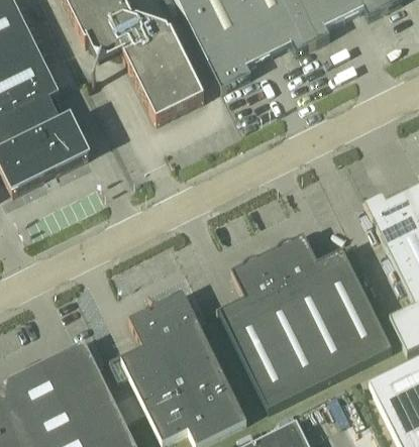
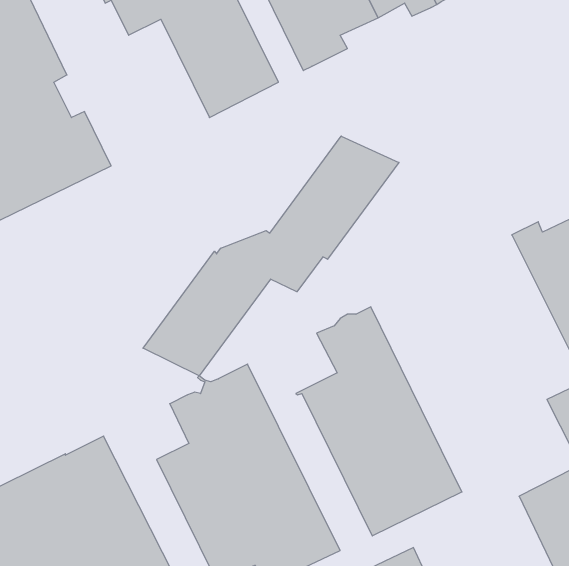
building: none -> [143,136,399,376]
building: [268,232,392,377] -> none

